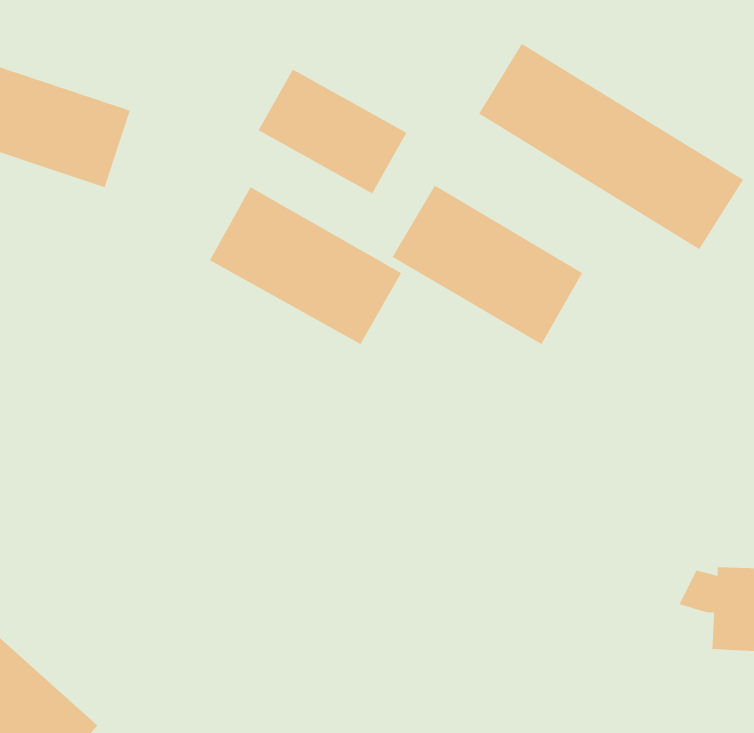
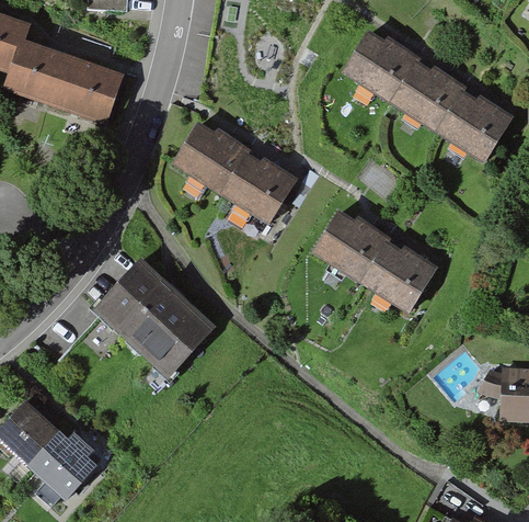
building: [258,68,407,195] -> none
building: [391,185,583,345] -> [314,209,436,311]
building: none -> [91,258,209,374]

